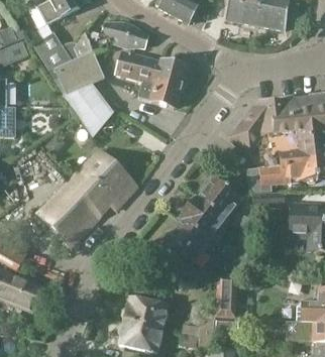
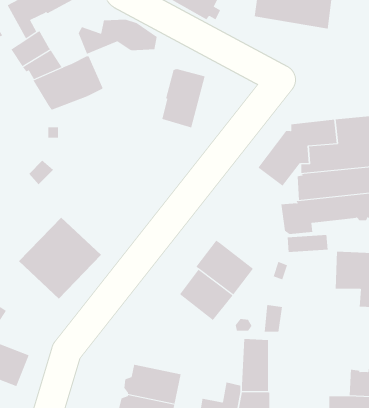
building: [117,51,160,85] -> none
building: [64,83,114,136] -> none
building: [72,148,137,209] -> none
building: [198,177,241,220] -> none

